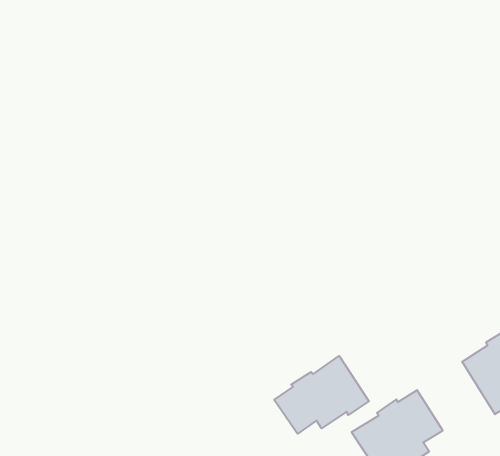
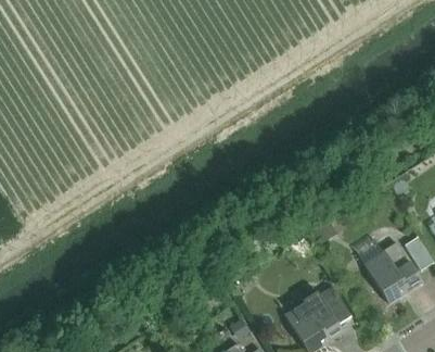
building: [274,356,369,434] -> none

